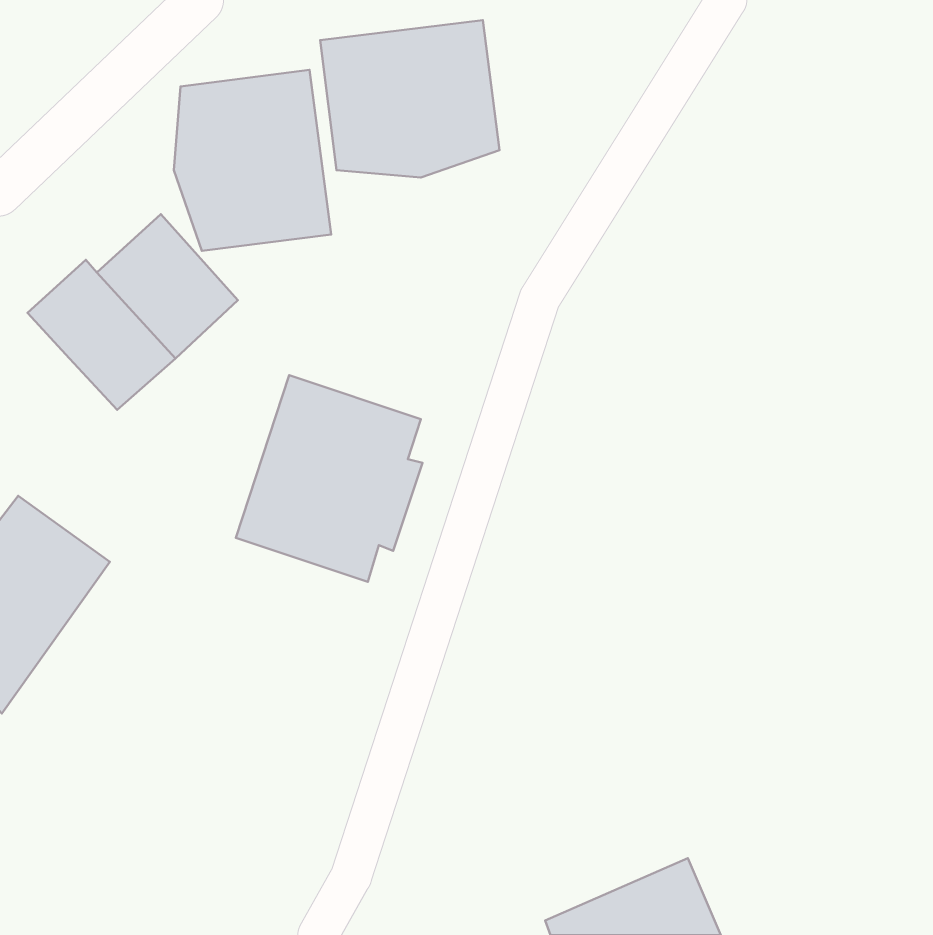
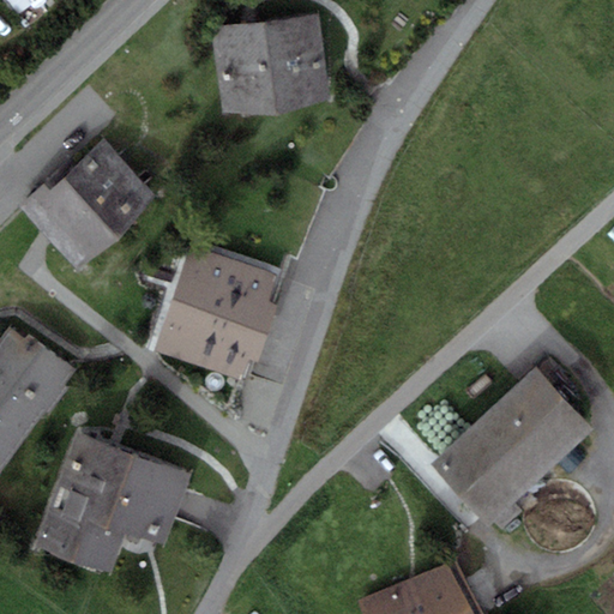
building: [174,70,331,251] -> none
building: none -> [431,367,592,526]
building: none -> [35,433,189,572]

